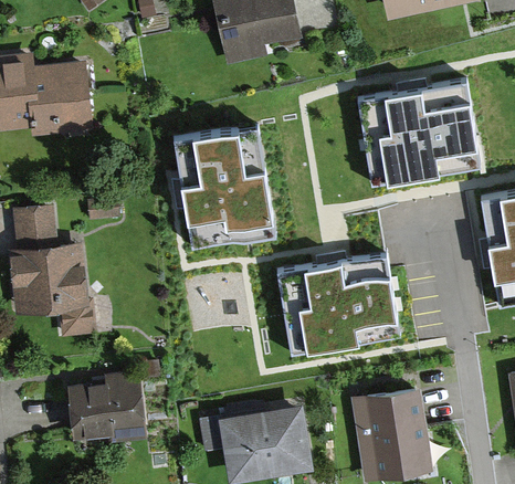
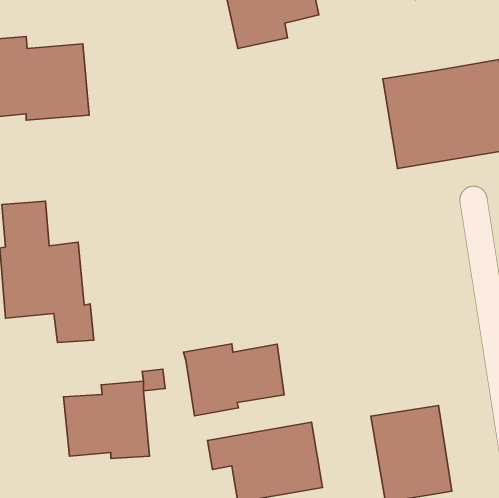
building: [175,123,277,242] -> none
building: [277,246,403,353] -> none
building: none -> [183,344,284,416]

